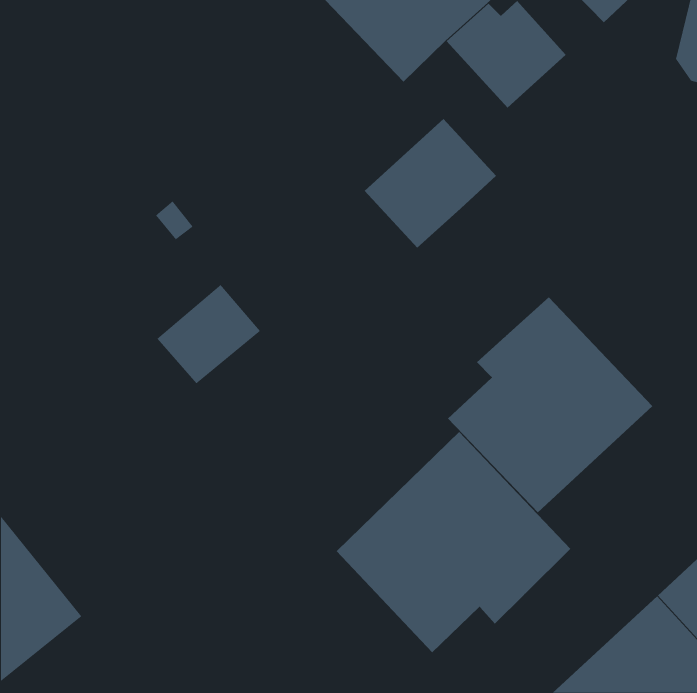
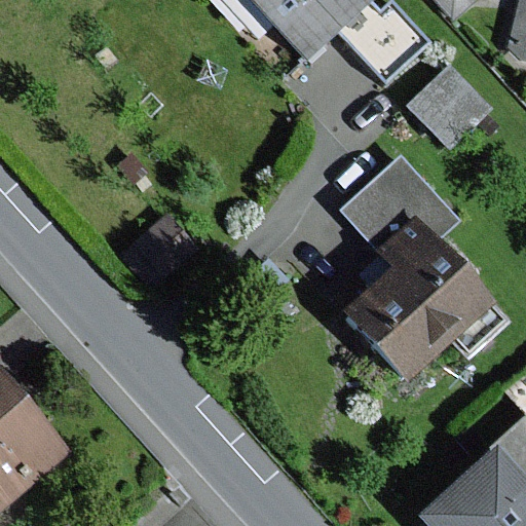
building: none -> [407,64,491,148]
building: [364,118,497,249] -> [341,154,441,252]
building: [336,431,571,653] -> none

